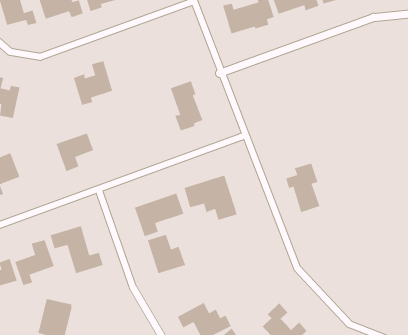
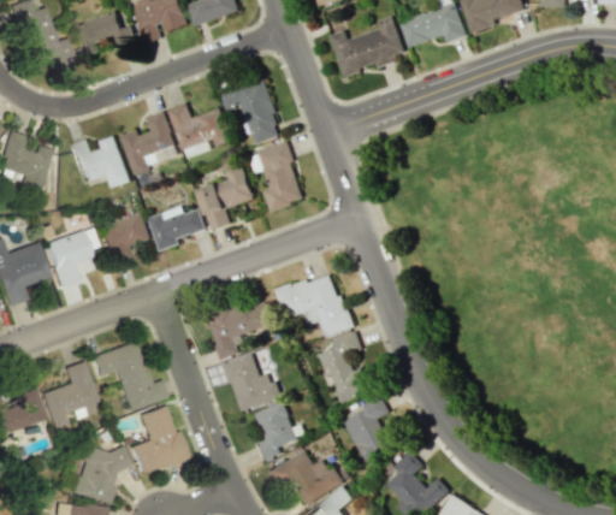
building: none -> [220,78,282,144]
building: none -> [168,103,231,159]
building: none -> [69,135,130,188]
building: none -> [199,164,254,230]
building: none -> [149,207,206,251]
building: none -> [42,230,88,286]
building: [285,163,320,213] -> [319,332,368,403]
building: none -> [344,396,390,456]
building: none -> [254,403,298,462]
building: none -> [129,406,184,475]

